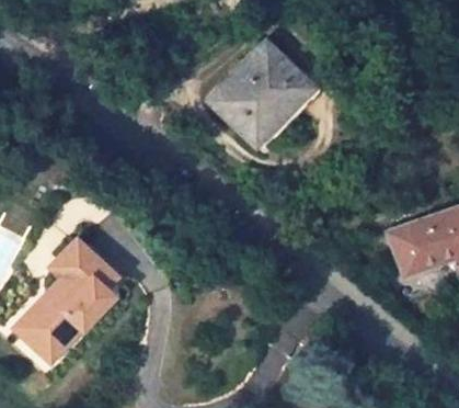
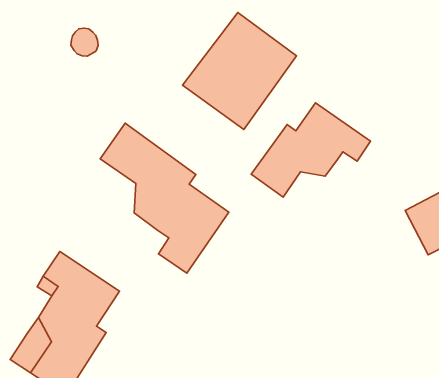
building: none -> [100,123,229,273]
building: none -> [251,103,371,197]

